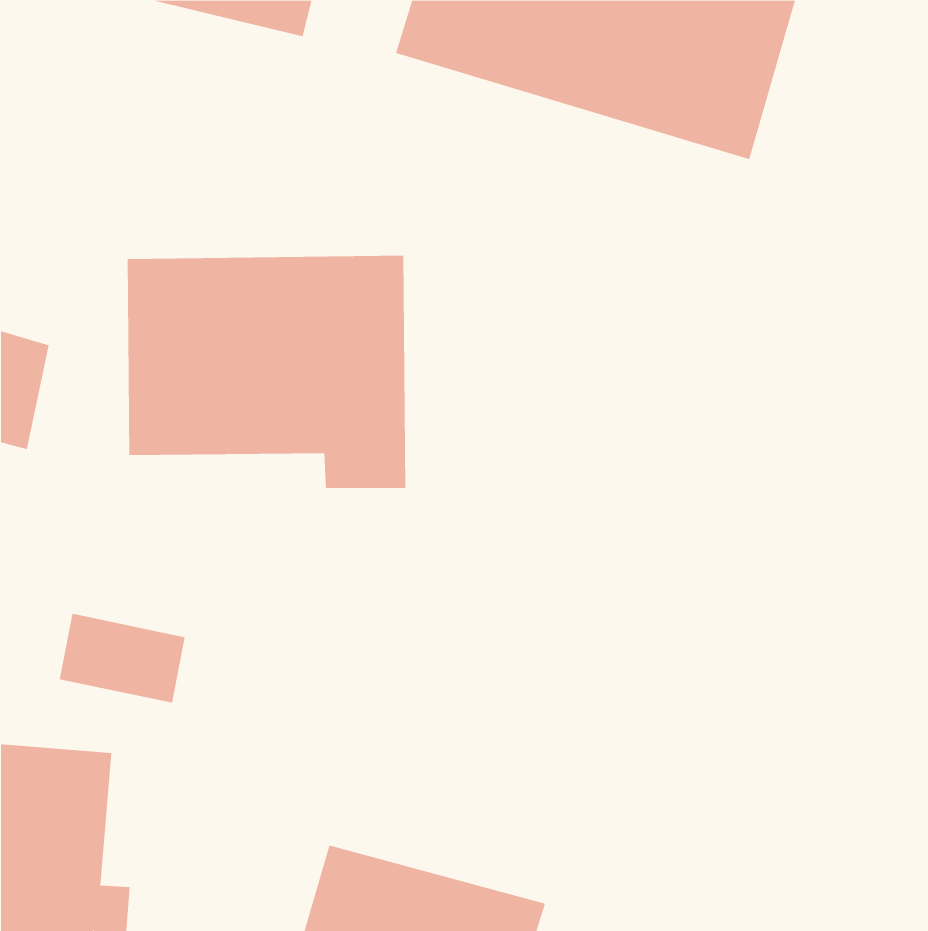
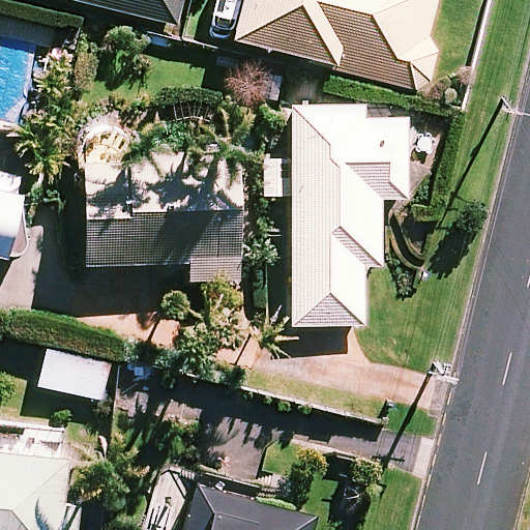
building: none -> [291,105,408,326]

